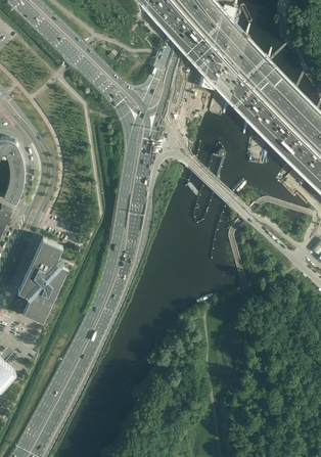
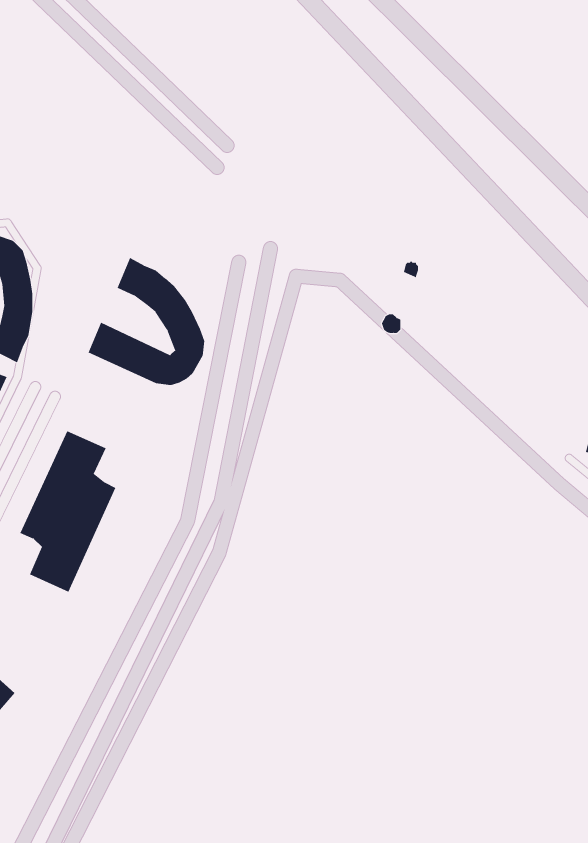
building: none -> [88,257,205,386]

